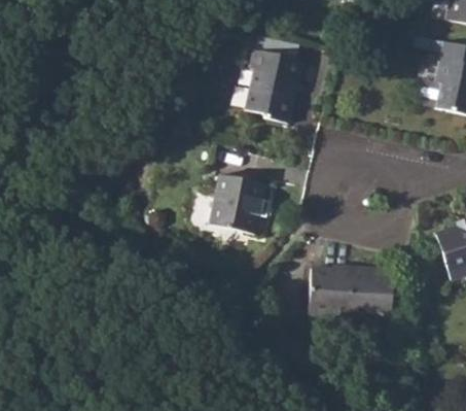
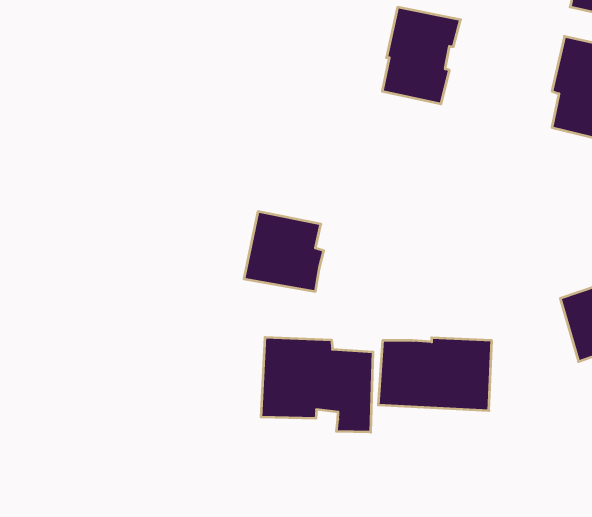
building: [243,46,300,117] -> [382,7,461,104]
building: none -> [261,337,373,432]

